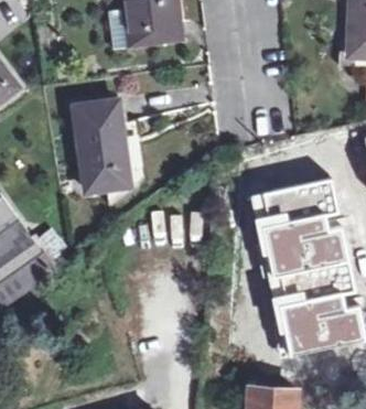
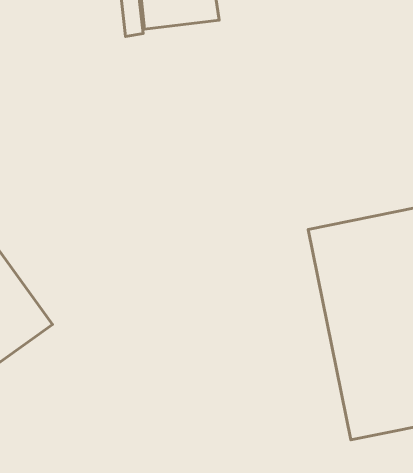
building: [75,101,127,191] -> none

